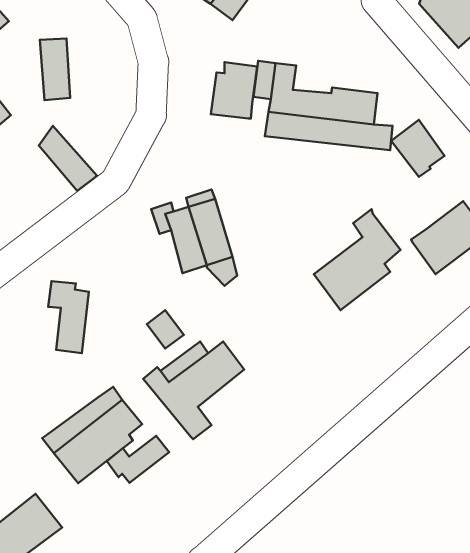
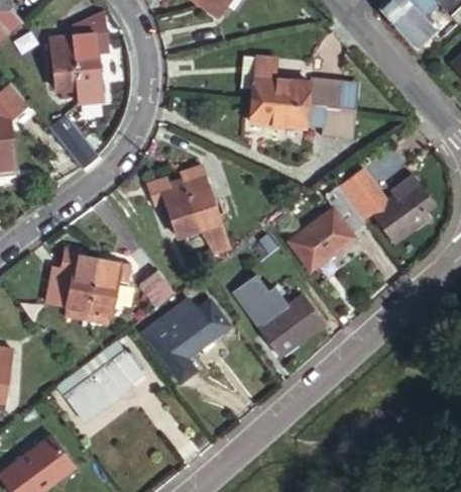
building: none -> [74,10,108,88]
building: [211,62,257,118] -> none
building: [391,120,444,177] -> [341,171,387,220]
building: none -> [88,257,126,312]
building: none -> [234,275,326,354]
building: [107,436,169,483] -> none

